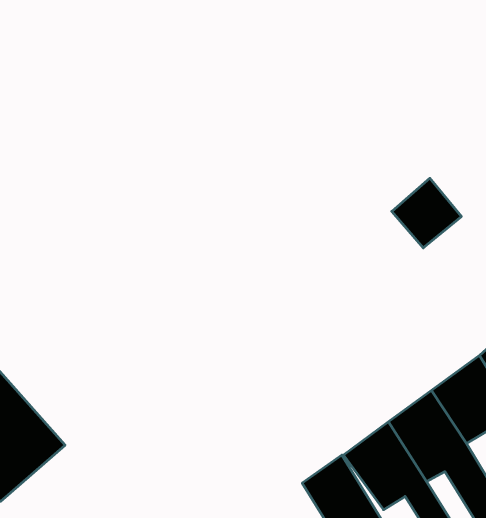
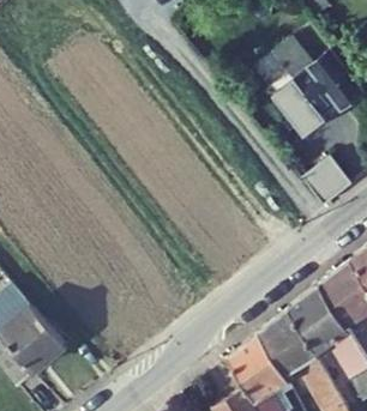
building: none -> [264,25,356,123]

